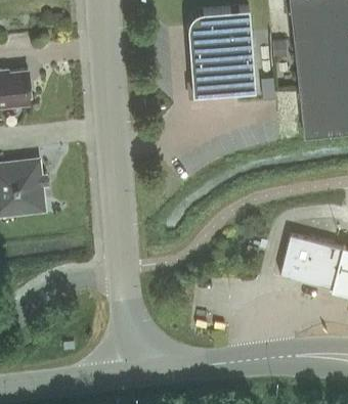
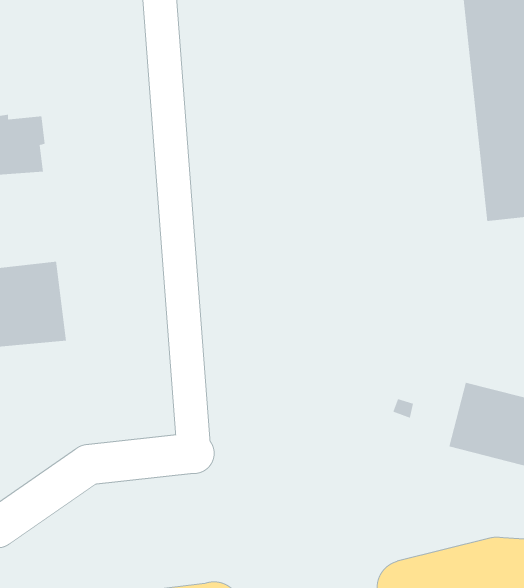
building: [188,10,256,97] -> none

